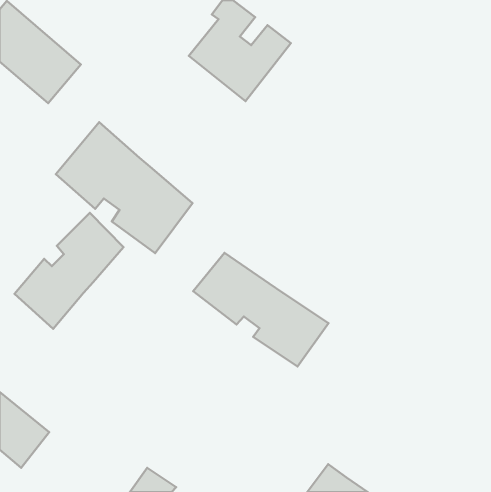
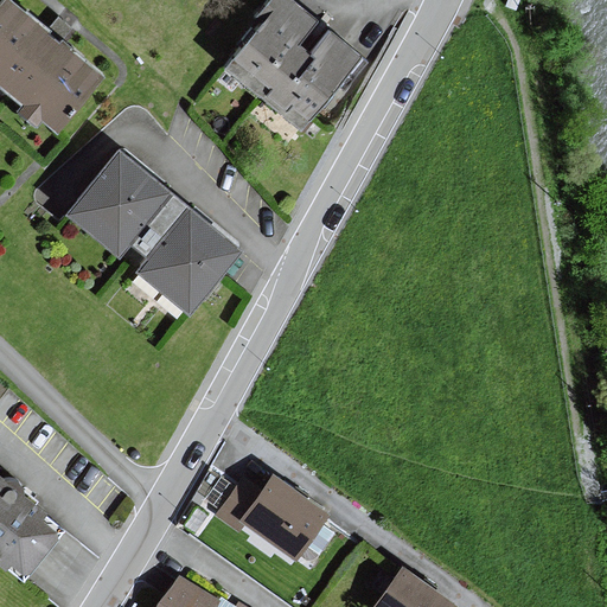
building: [14,213,124,329] -> none
building: [193,253,328,367] -> none
building: none -> [218,480,322,555]

